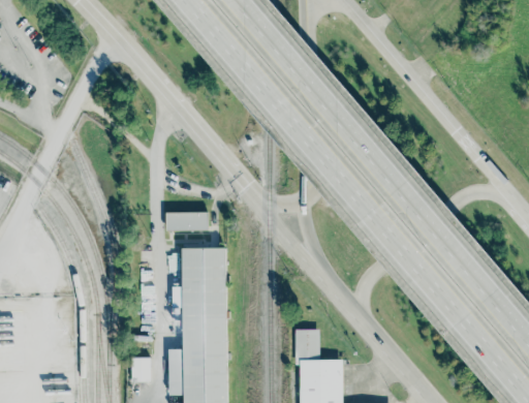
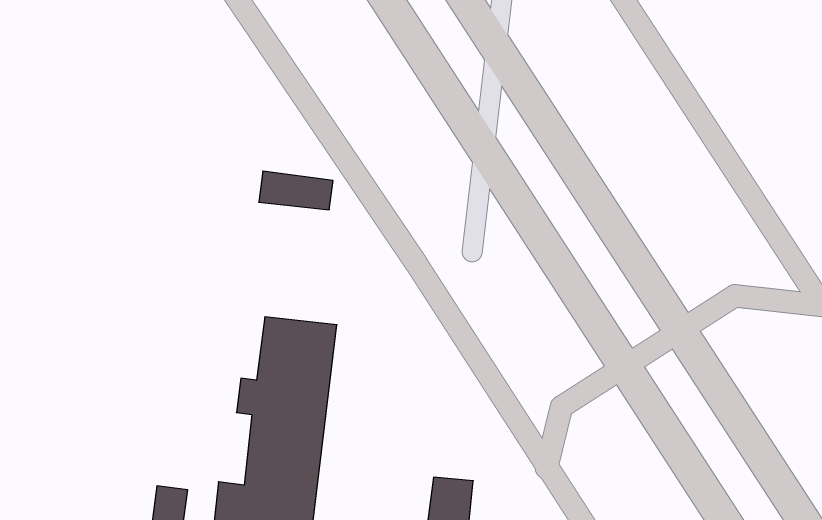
building: [165,212,208,230] -> [259,171,333,210]

